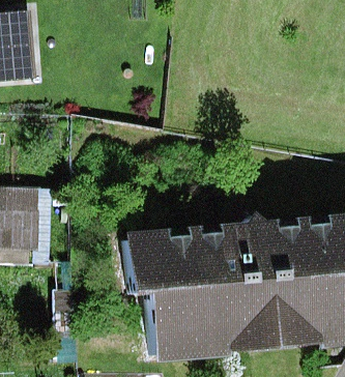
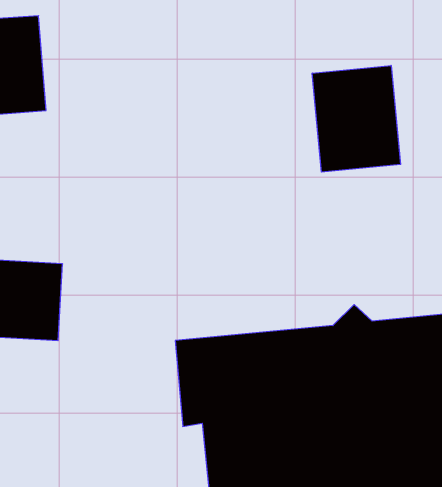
building: none -> [312,65,401,172]

